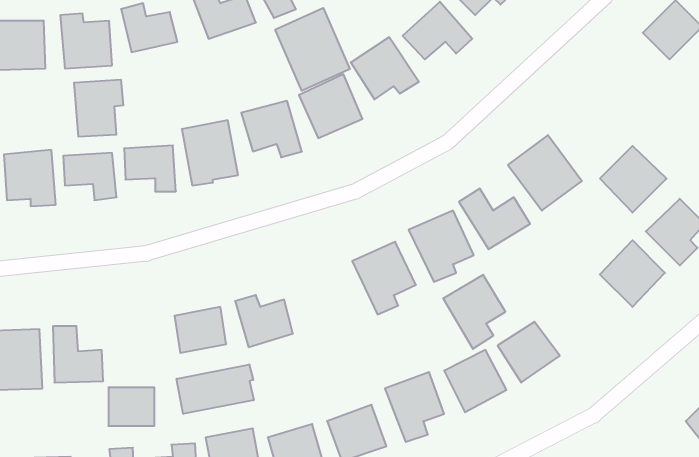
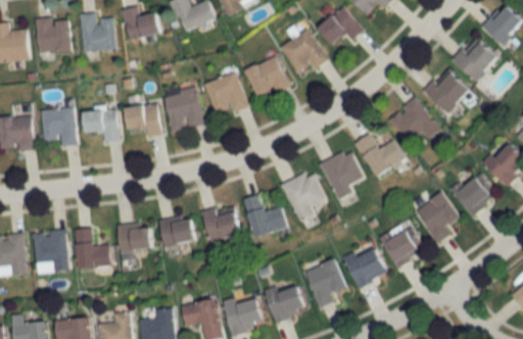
building: [275,8,350,91] -> none
building: none -> [455,37,497,80]
building: [74,80,123,137] -> none
building: [600,146,667,213] -> [424,68,470,114]
building: [443,275,505,349] -> [416,193,459,244]
building: none -> [244,194,286,237]
building: [177,364,254,414] -> none
building: [108,387,154,426] -> [118,224,150,250]

